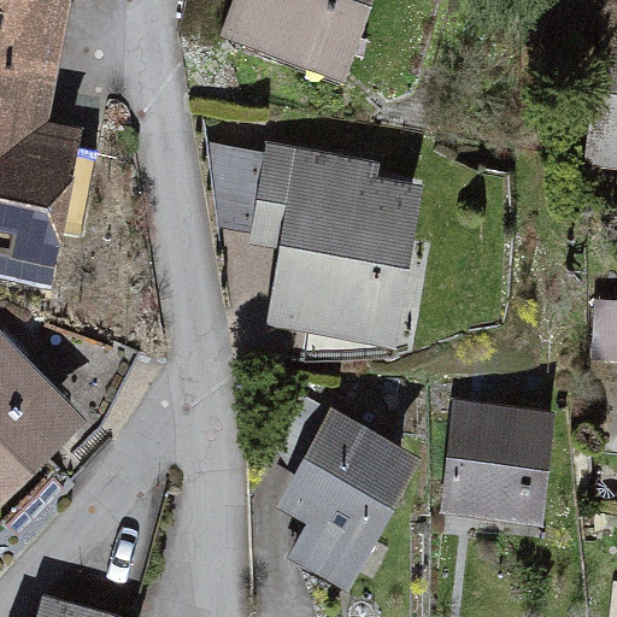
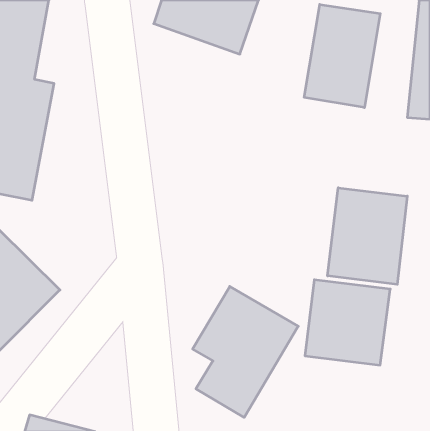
building: none -> [304,4,380,108]
building: [246,142,423,347] -> none
building: none -> [328,188,407,284]

